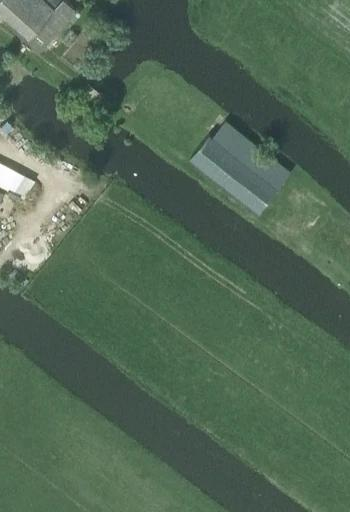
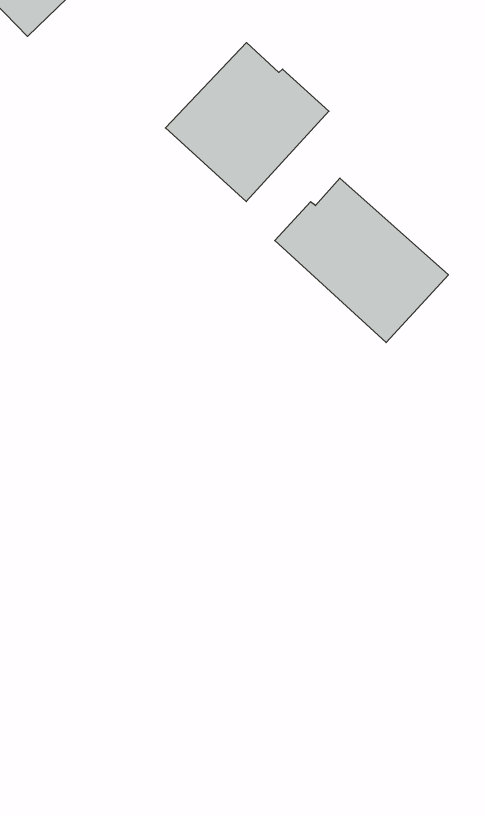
building: none -> [165,43,329,202]

